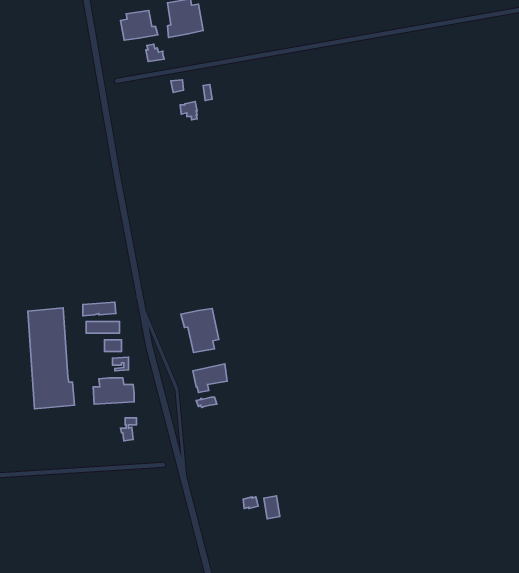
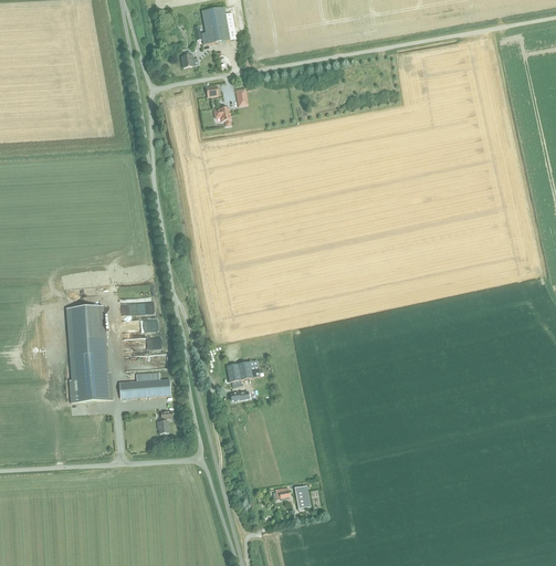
building: [120,10,158,40] -> none
building: [181,309,219,353] -> none

